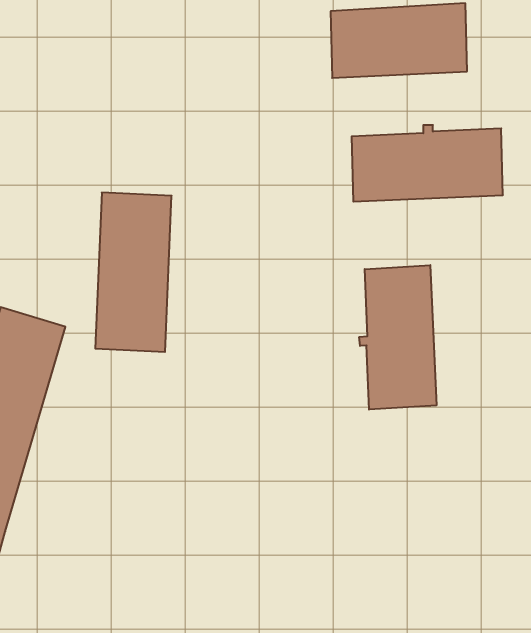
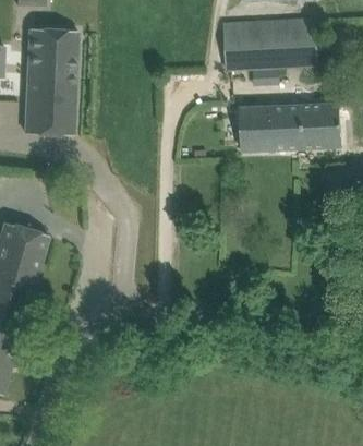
building: [95,193,172,352] -> [24,28,75,135]
building: [359,265,436,410] -> none

